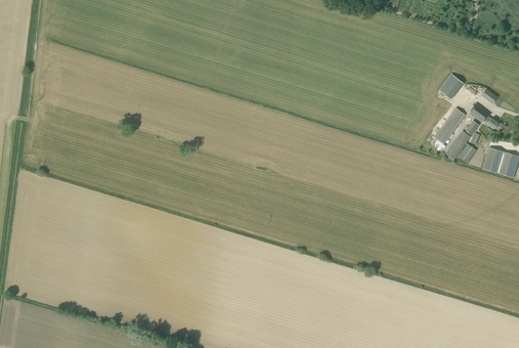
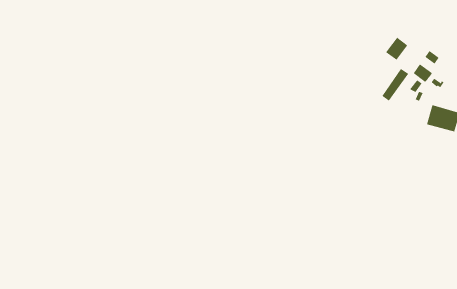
building: [445,131,476,163] -> none

